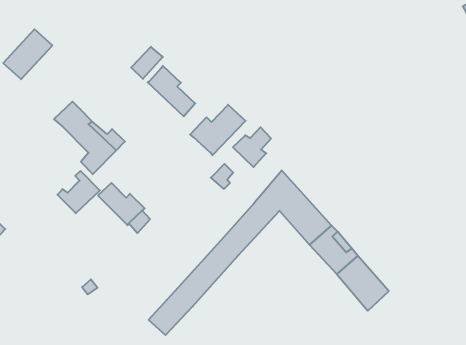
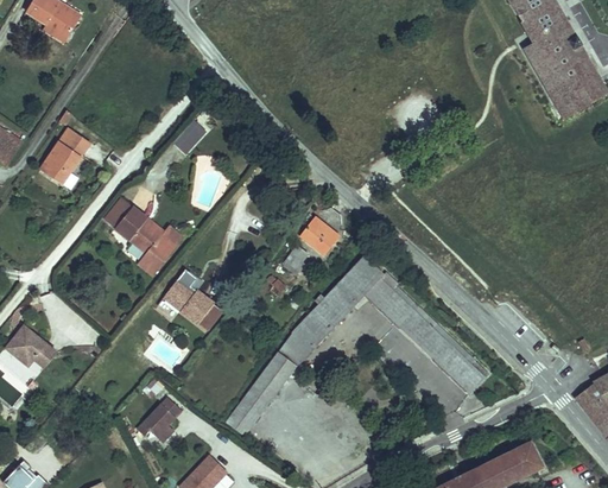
building: [148,66,195,116] -> none
building: [190,105,246,155] -> none
building: [57,171,100,213] -> none
building: none -> [139,401,184,448]

